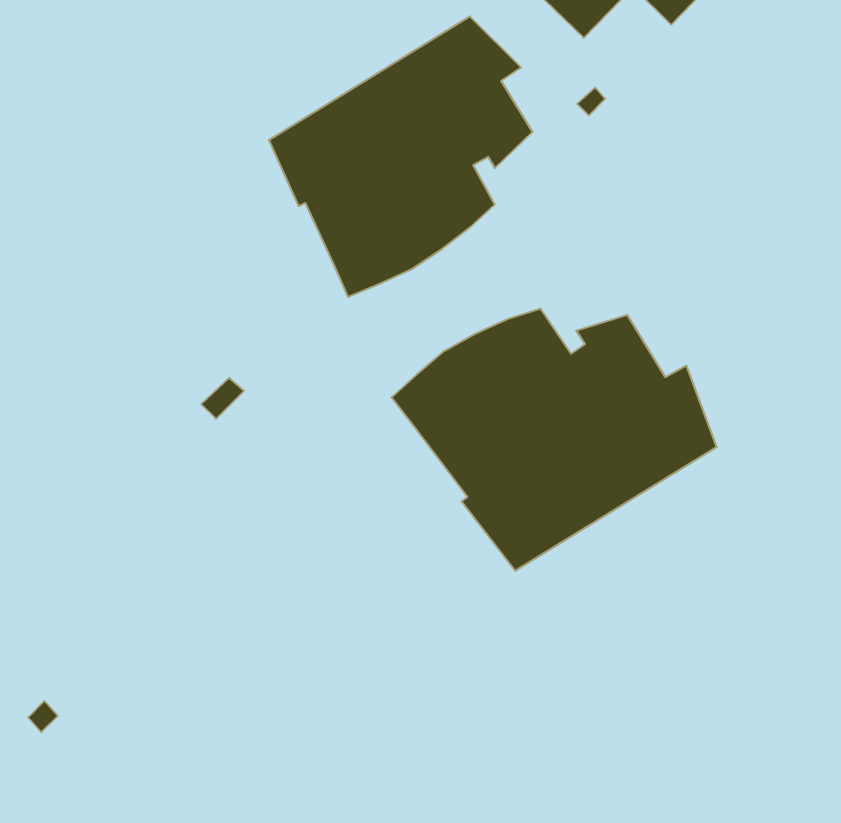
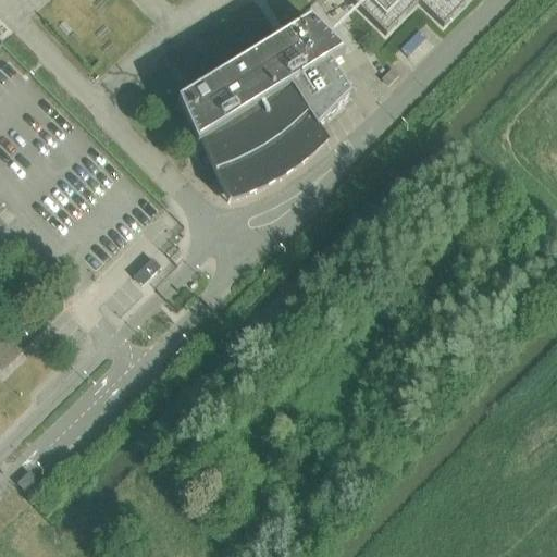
building: [391,308,717,571] -> none

